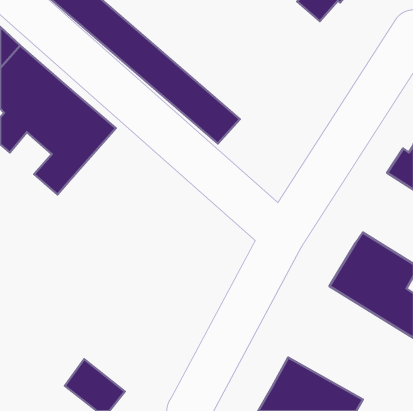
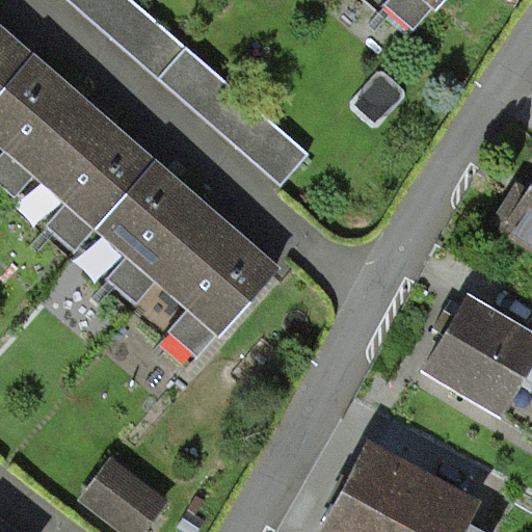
building: none -> [98,164,272,355]

